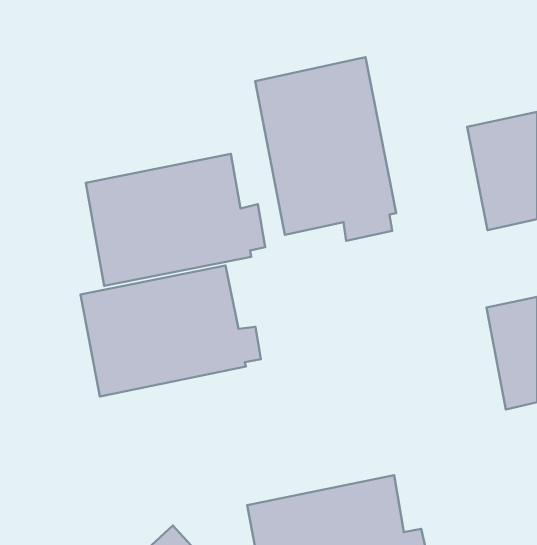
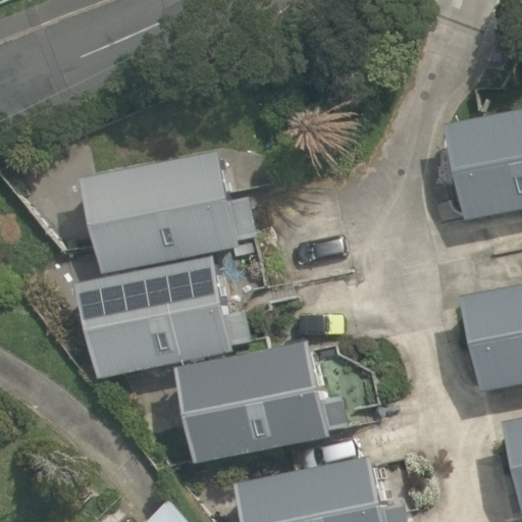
building: [255,57,396,241] -> none
building: none -> [175,338,347,465]

